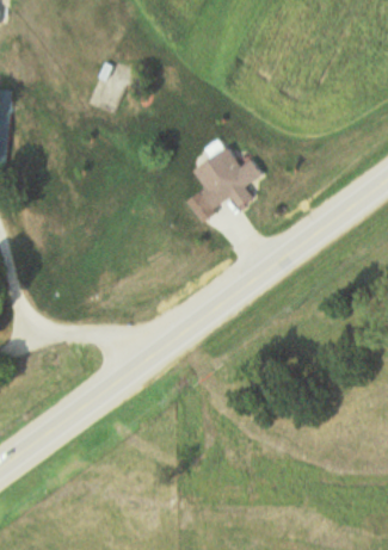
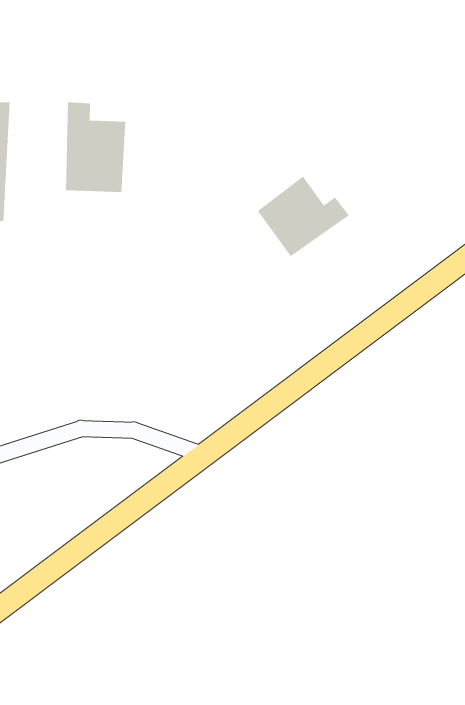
building: none -> [65,102,126,193]

